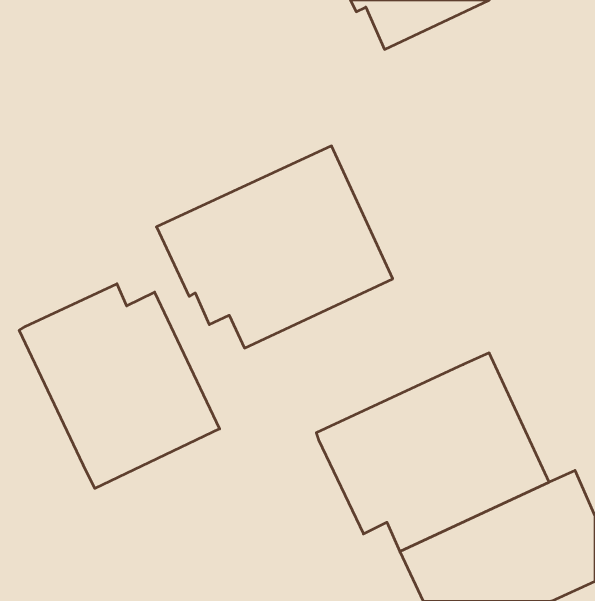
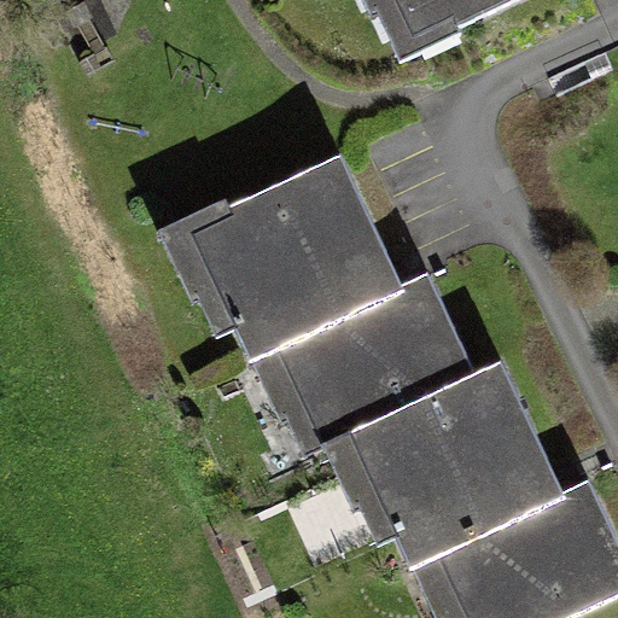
building: none -> [251,275,476,464]
building: [19,284,220,488] -> none

